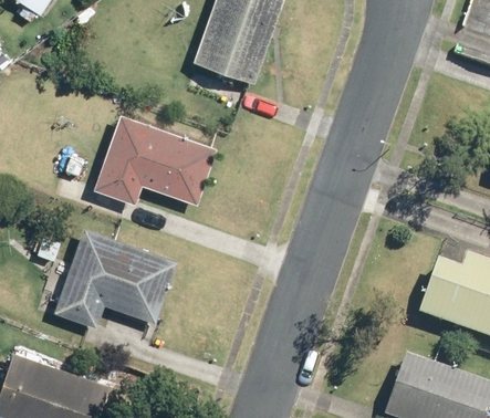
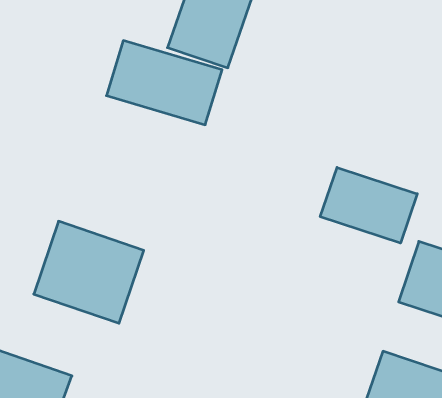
building: [97,119,211,202] -> [106,41,222,125]
building: none -> [320,167,417,243]

